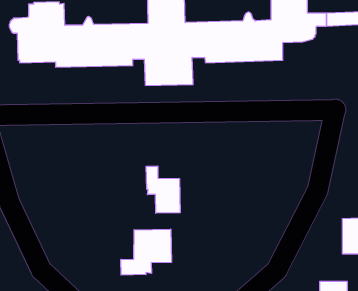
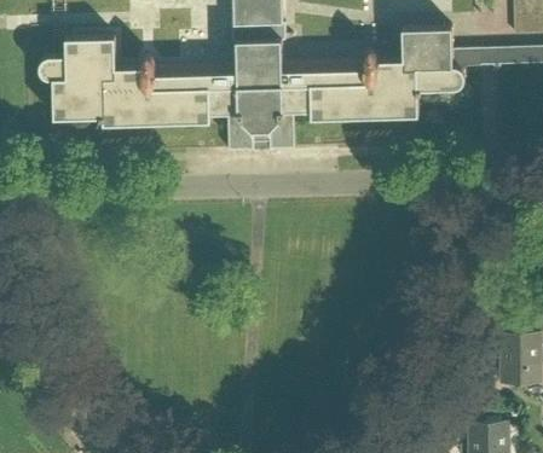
building: [146,166,180,213] -> none
building: [121,229,171,275] -> none

